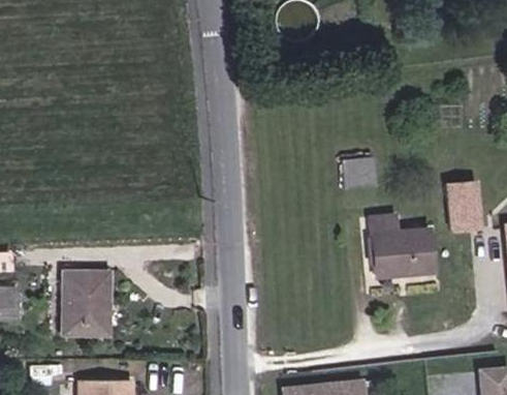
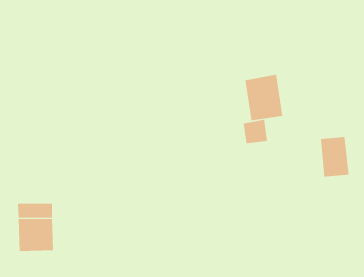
building: none -> [245,74,283,121]
building: [375,215,441,273] -> none

